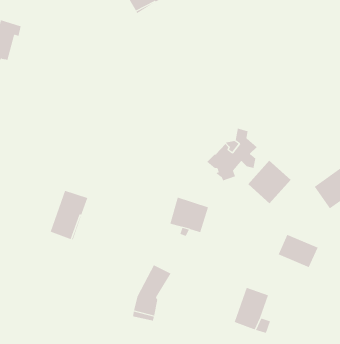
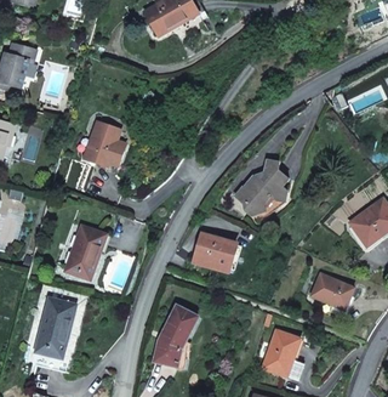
building: none -> [84,121,126,166]
building: [247,160,291,204] -> none
building: none -> [35,297,75,358]

